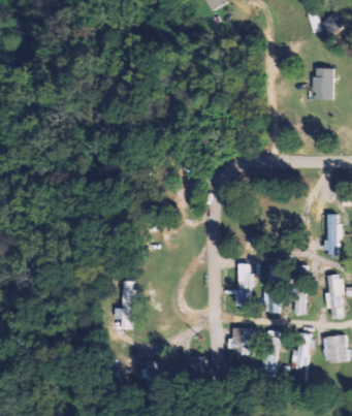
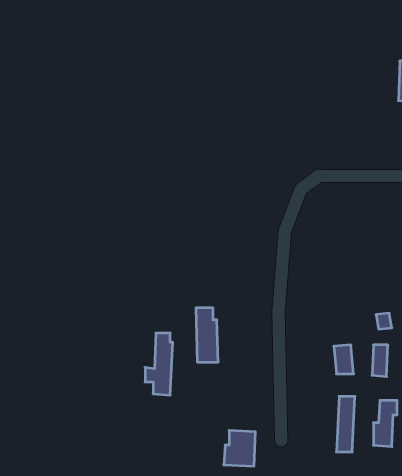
building: [236,262,254,305] -> [196,308,218,362]
building: [230,326,255,354] -> [224,430,255,466]

